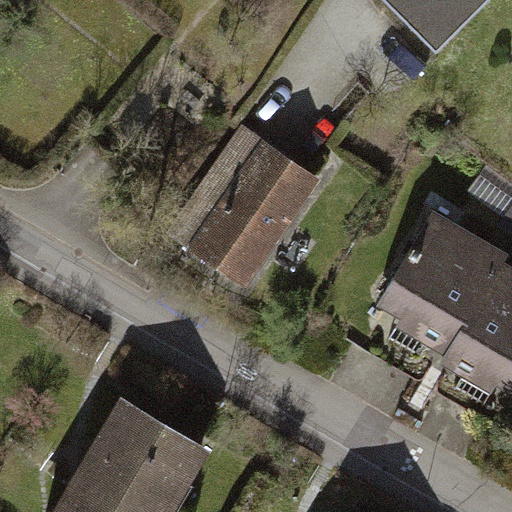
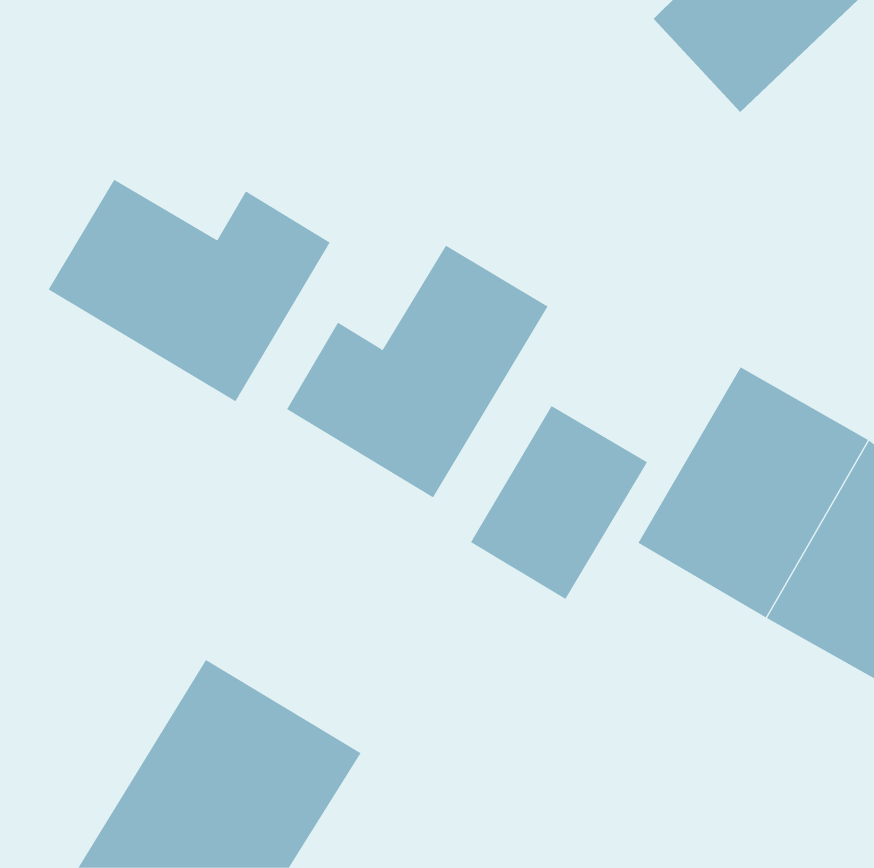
building: none -> [48,179,330,402]
building: none -> [470,405,648,600]

